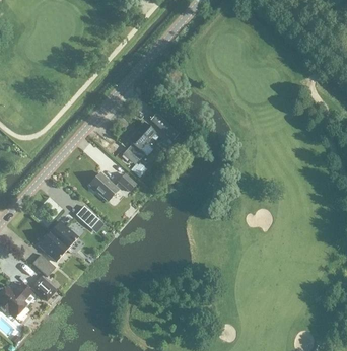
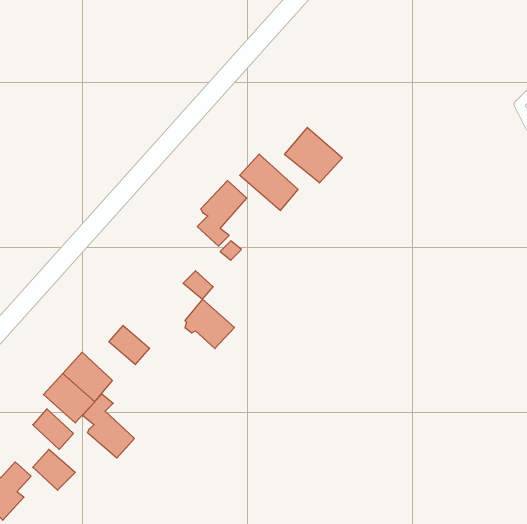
building: none -> [285,127,342,183]
building: [89,172,118,201] -> [185,299,234,349]
building: none -> [82,394,134,458]

